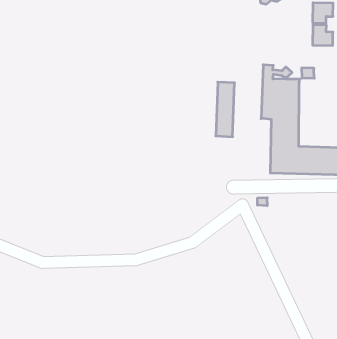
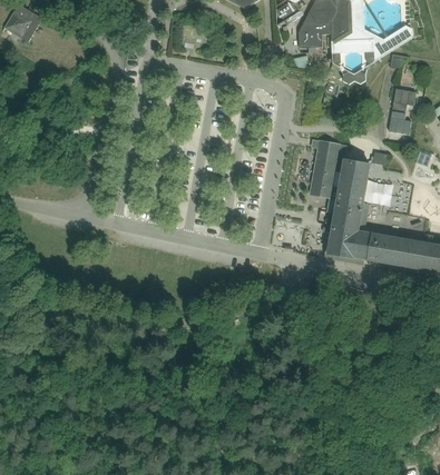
building: [216,82,235,137] -> [310,140,336,197]

